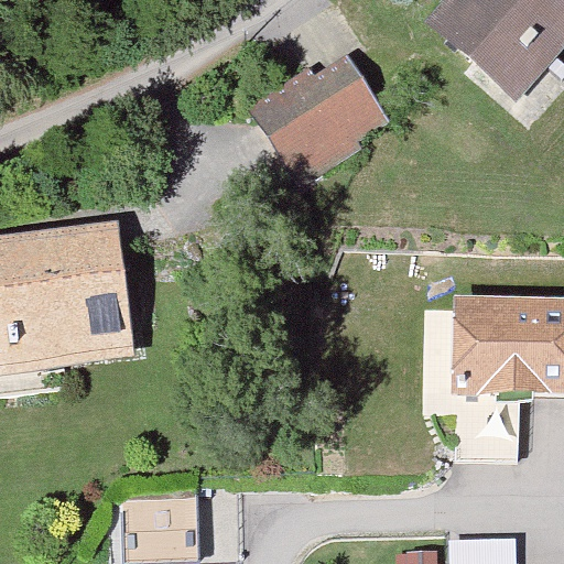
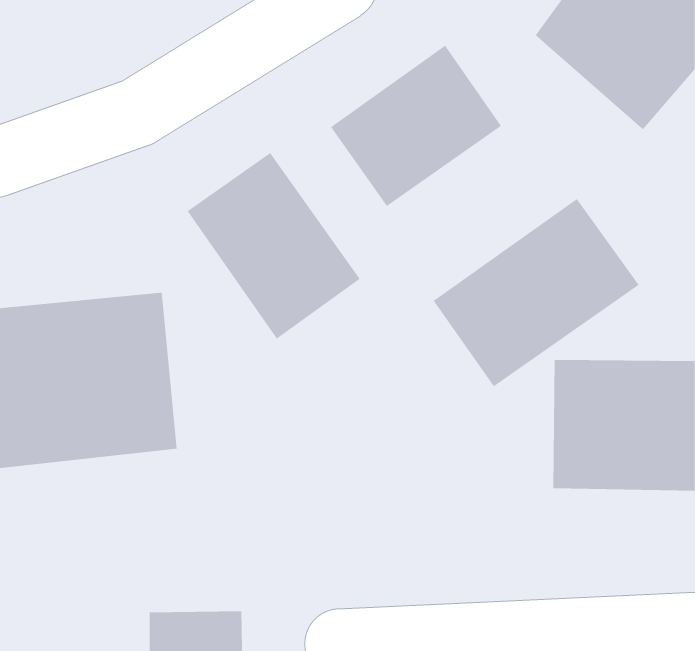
building: none -> [187,152,361,339]
building: none -> [433,198,639,387]

